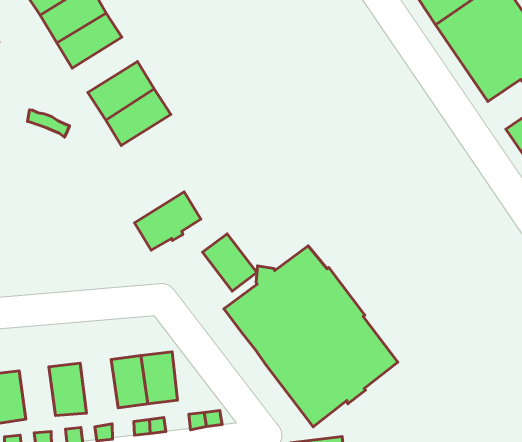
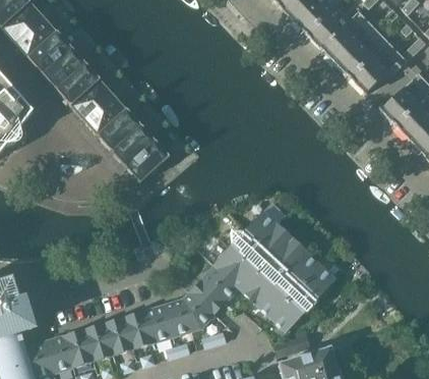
building: none -> [84,94,127,134]
building: [134,192,201,250] -> [126,140,170,182]
building: [202,234,257,291] -> [200,264,239,302]
building: none -> [184,290,214,329]
building: none -> [124,310,155,348]
building: none -> [84,322,114,360]

